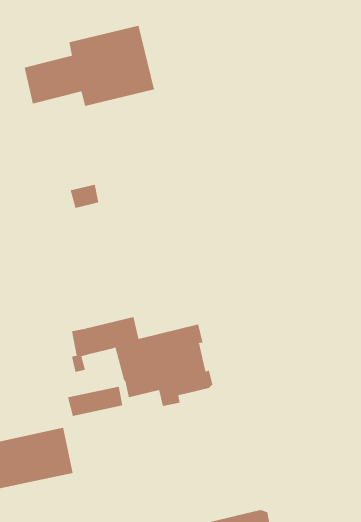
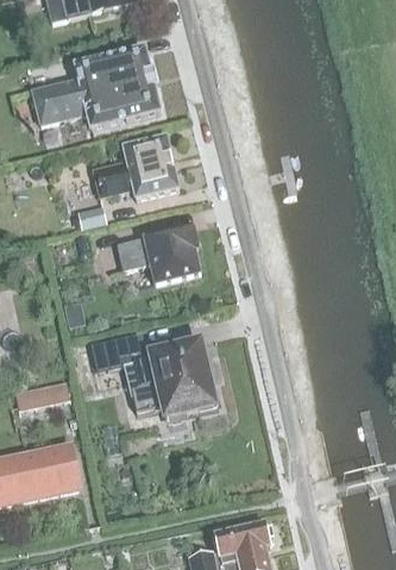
building: none -> [96,137,180,199]
building: none -> [117,227,200,283]
building: [67,386,123,417] -> [15,381,70,411]

